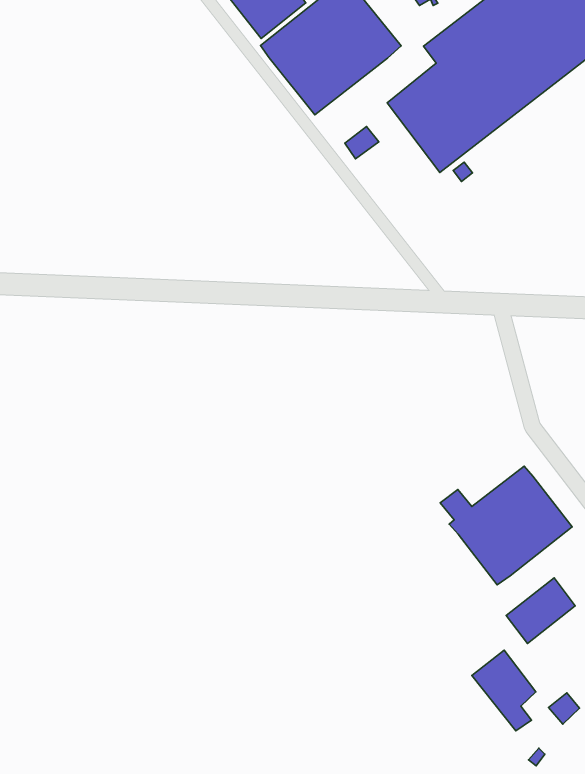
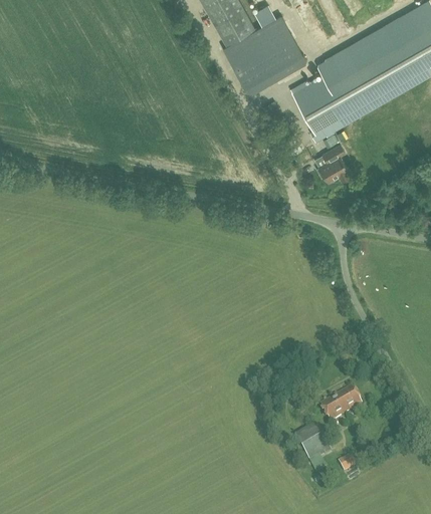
building: none -> [316,145,349,182]
building: [440,466,572,585] -> none

